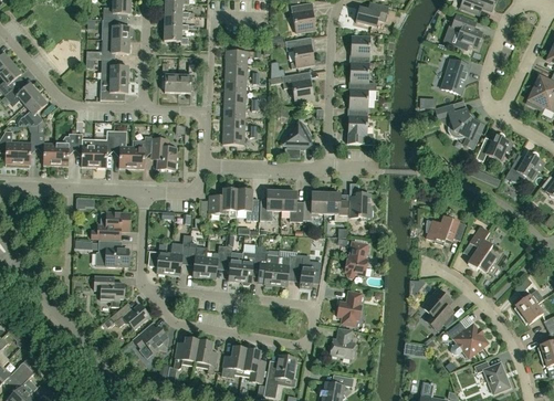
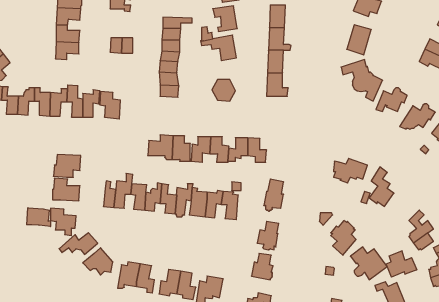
building: [349,192,370,219] -> none
building: none -> [27,208,51,227]
building: none -> [386,251,417,277]

